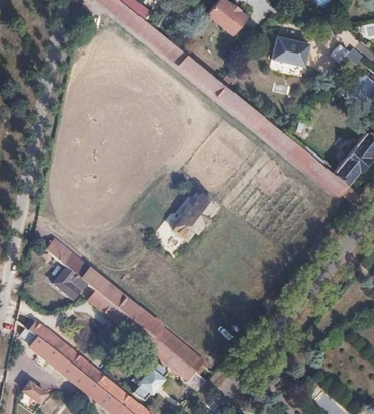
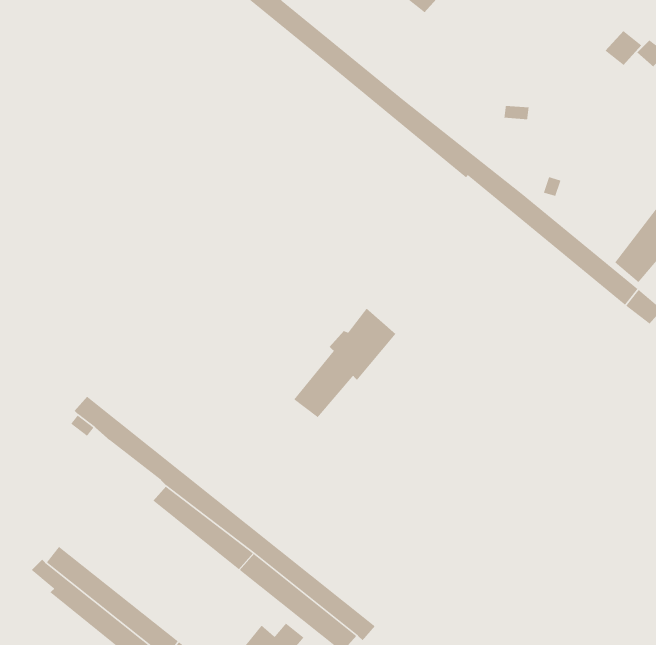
building: [270,34,307,65] -> none
building: [50,265,90,303] -> none

